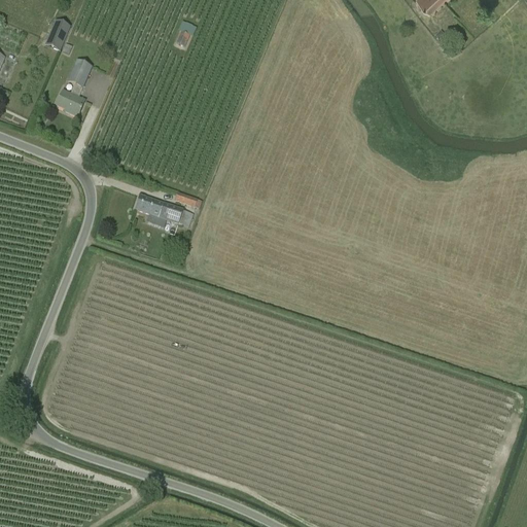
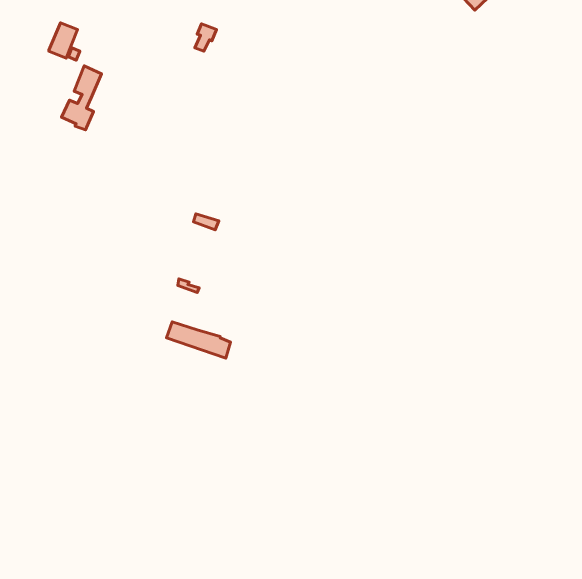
building: [135,196,192,229] -> [167,322,230,358]

